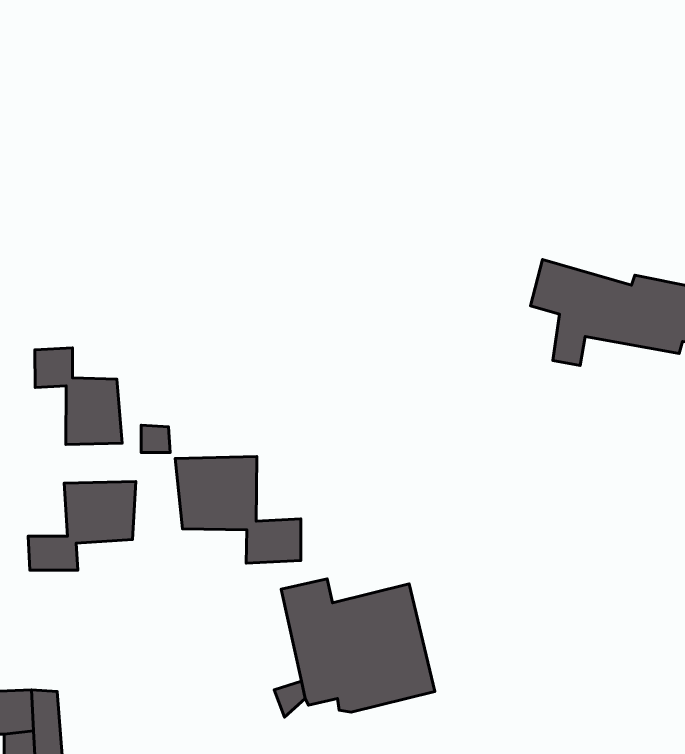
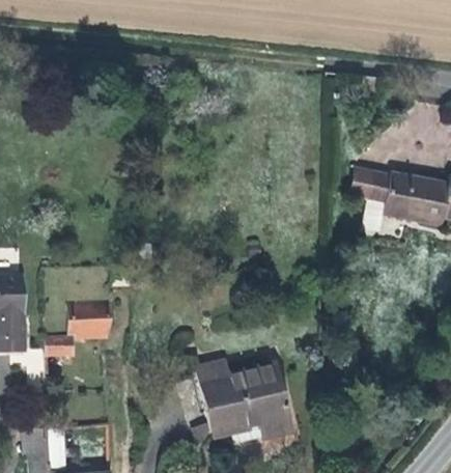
building: [35,348,122,444] -> none
building: [175,457,301,563] -> none

